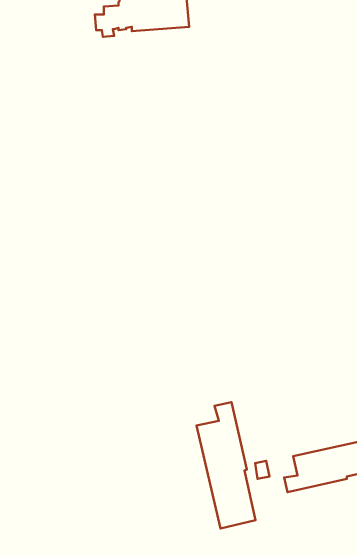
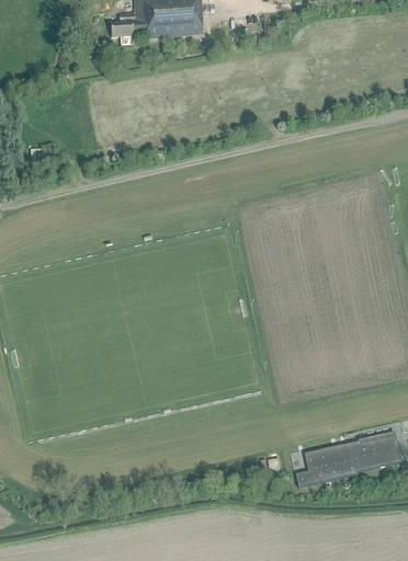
building: [197,402,255,528] -> none

